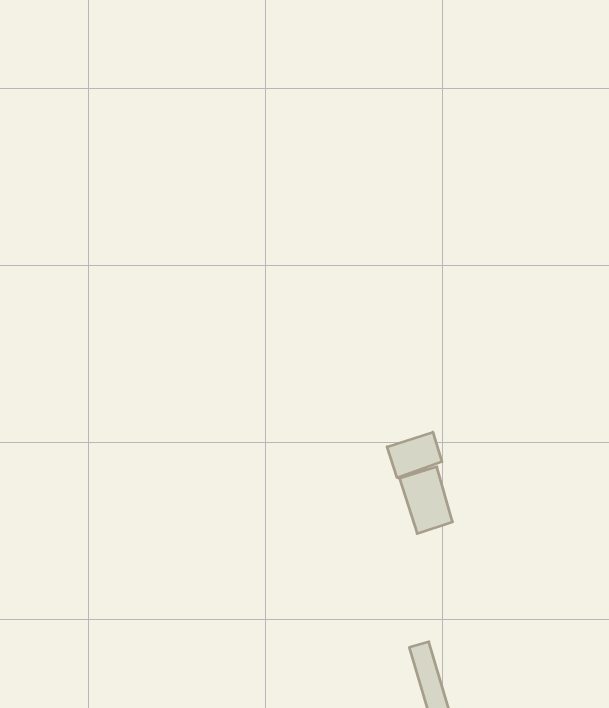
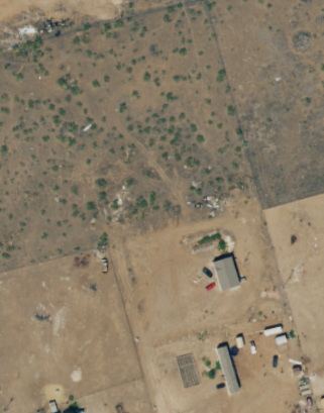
building: [387,432,442,478] -> none

